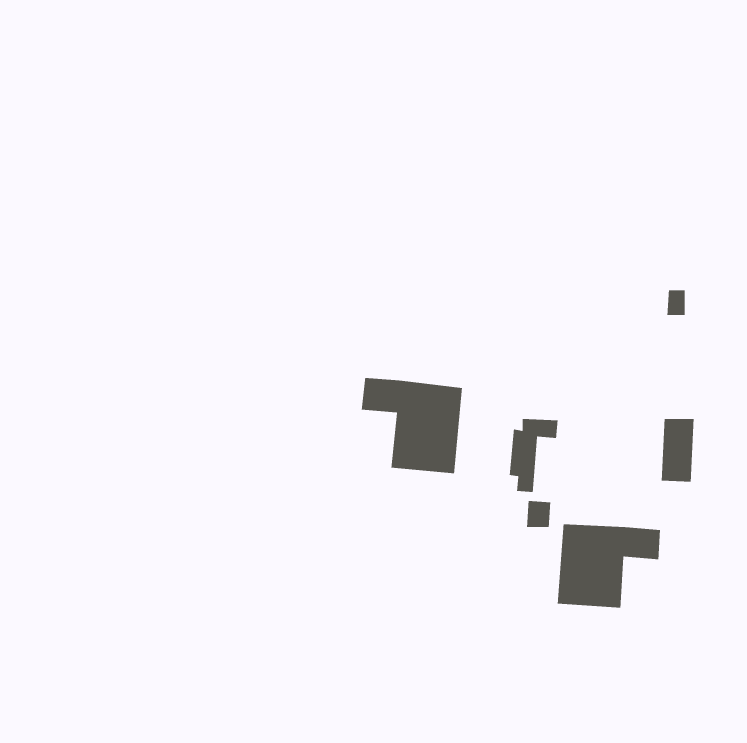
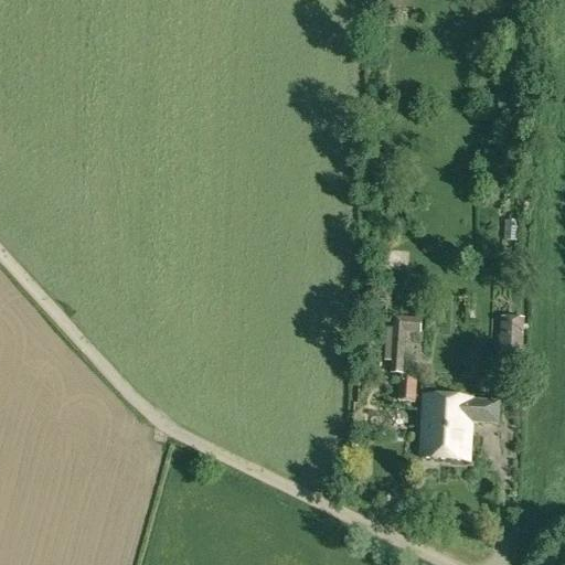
building: [361,377,463,474] -> none

